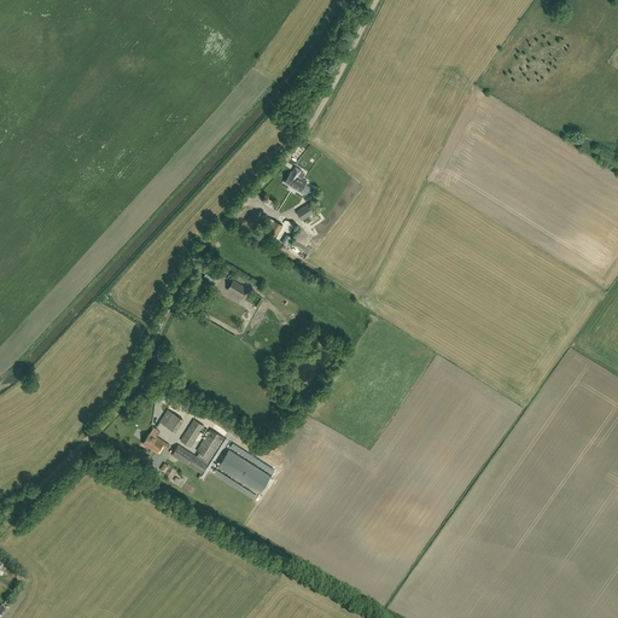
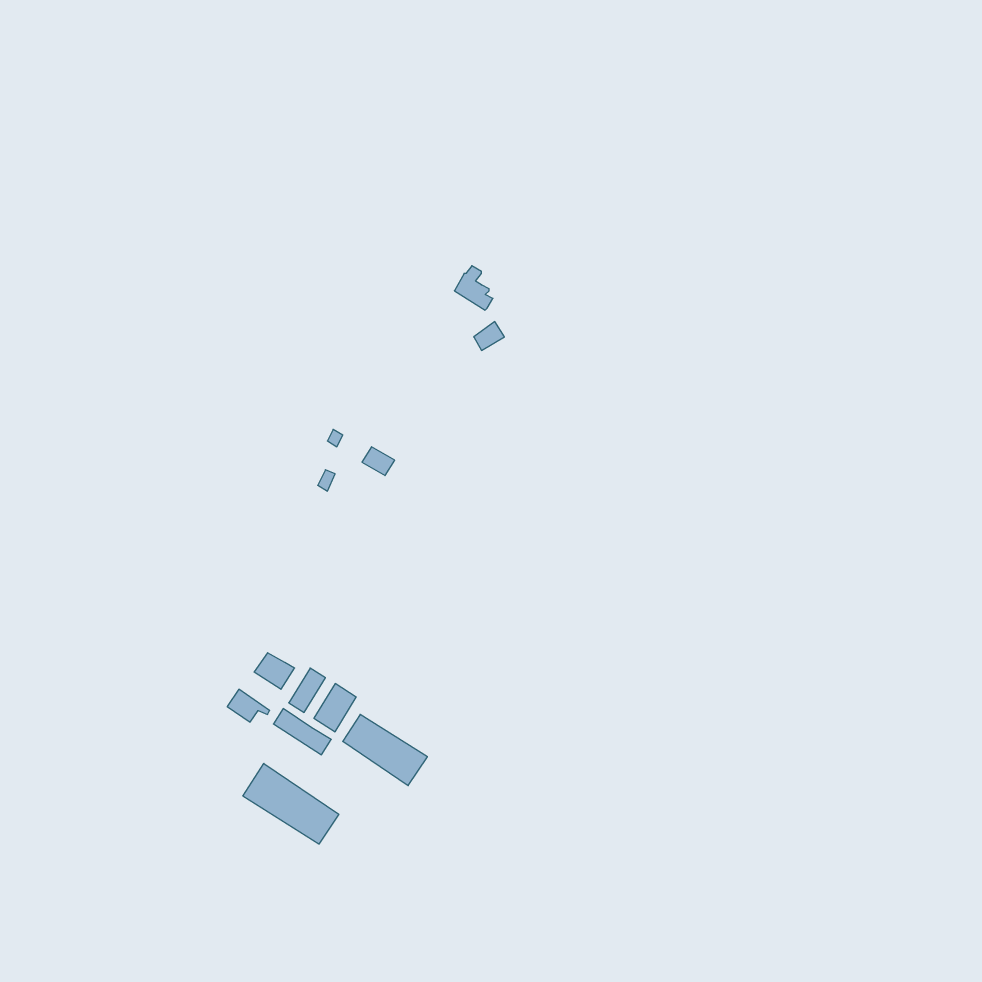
building: none -> [243,763,339,844]

